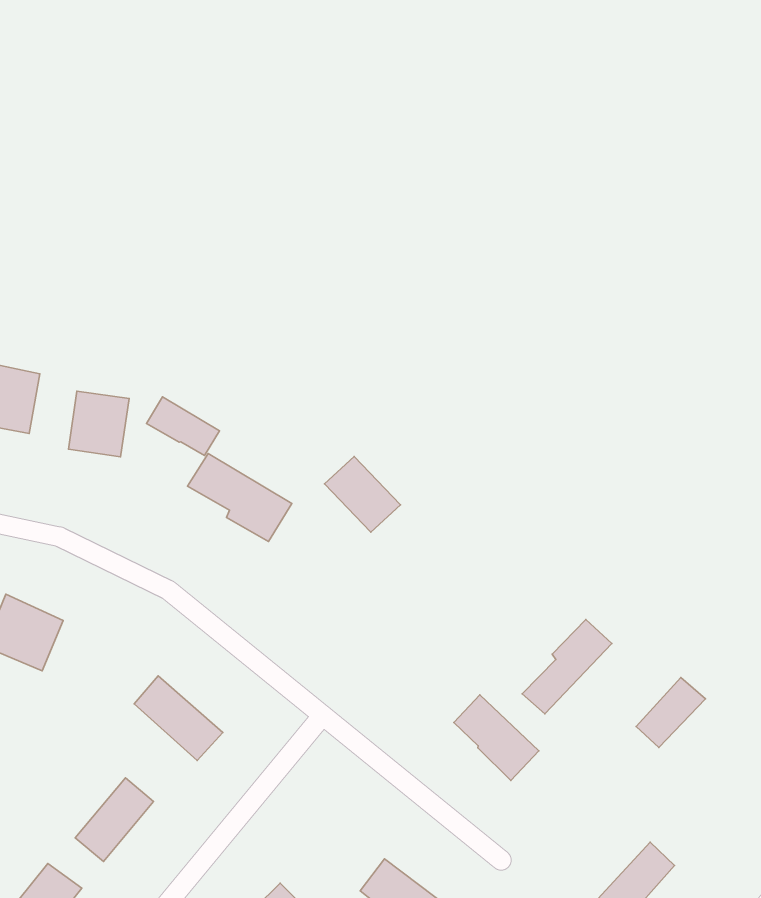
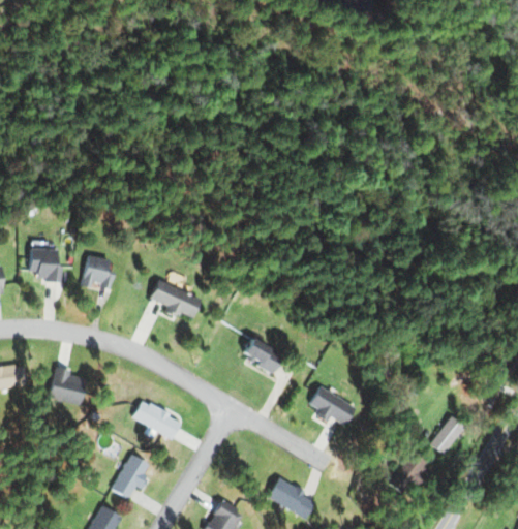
building: [146,397,220,456] -> none
building: [324,457,401,532] -> [240,337,281,375]
building: [522,620,612,714] -> none
building: [636,677,706,747] -> [432,417,466,456]

